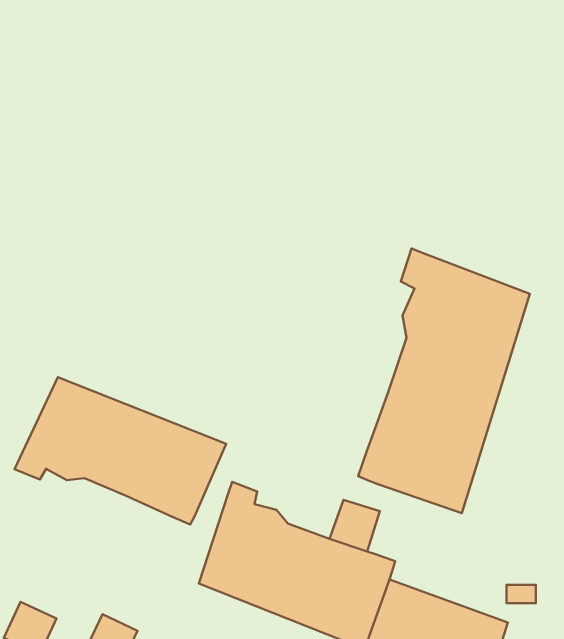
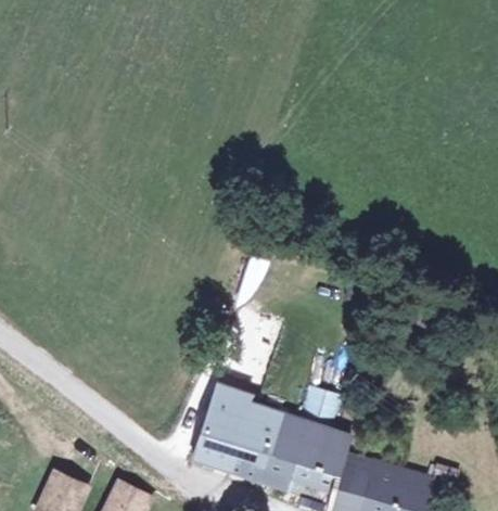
building: [358,249,530,513] -> none
building: [14,377,226,524] -> none

